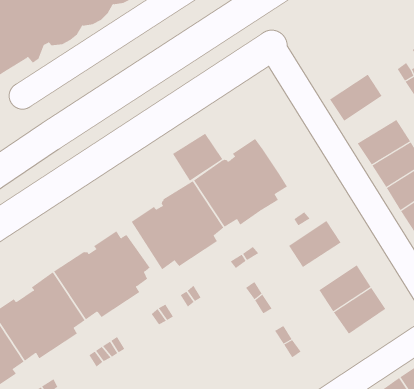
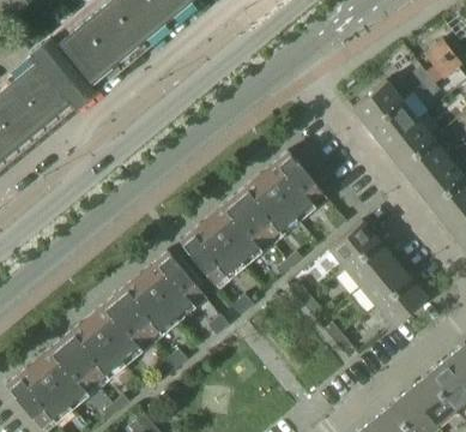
building: none -> [369,100,418,146]
building: [172,133,223,182] -> none
building: none -> [345,240,395,287]

